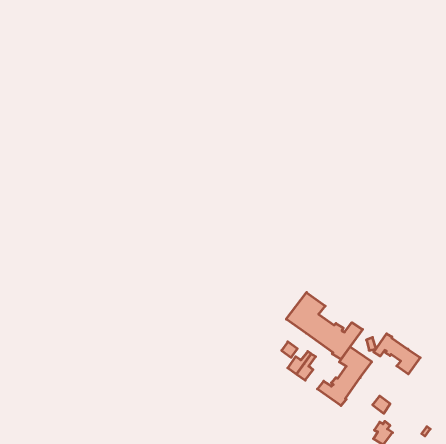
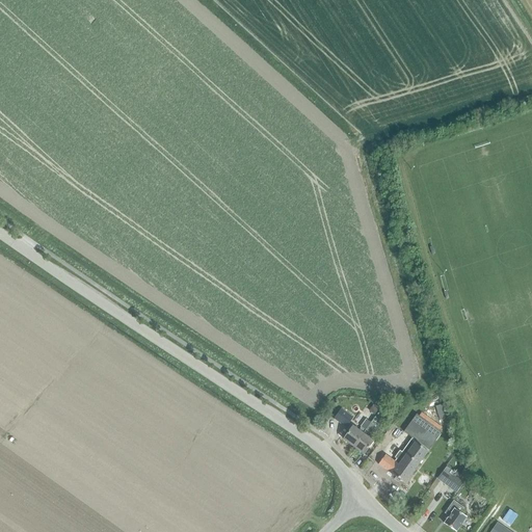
building: [286,292,363,359] -> none
building: [374,334,420,374] -> none

